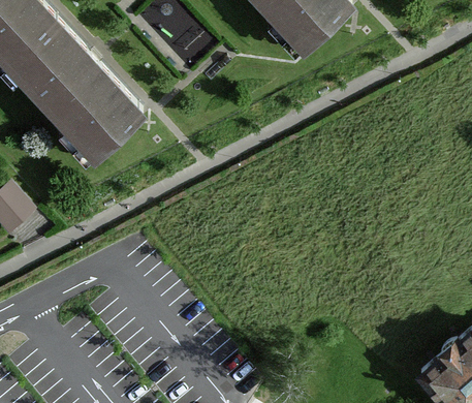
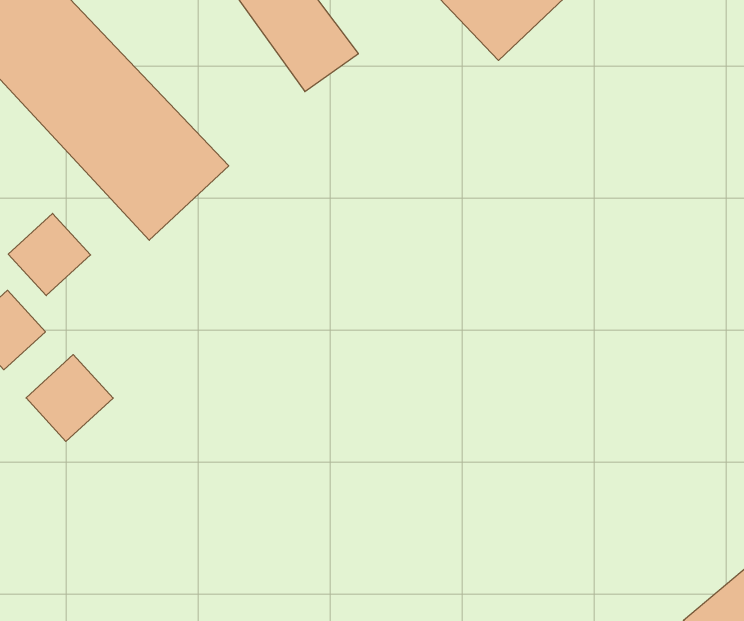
building: none -> [8,213,91,296]
building: none -> [26,355,113,441]

